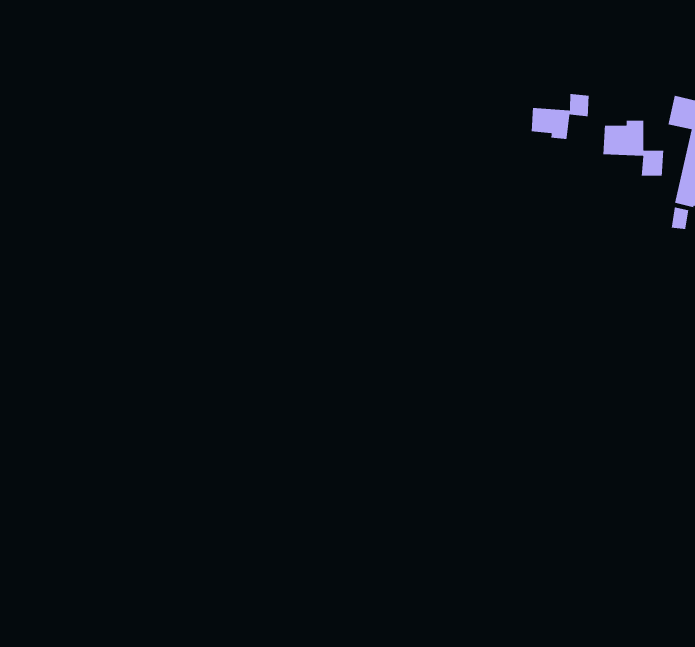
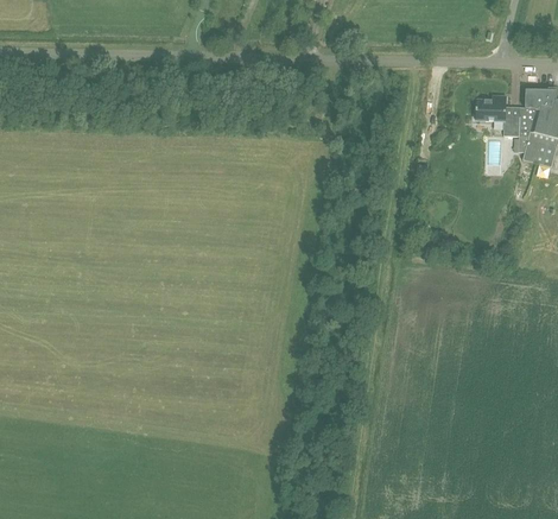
building: [531,93,590,140] -> none

